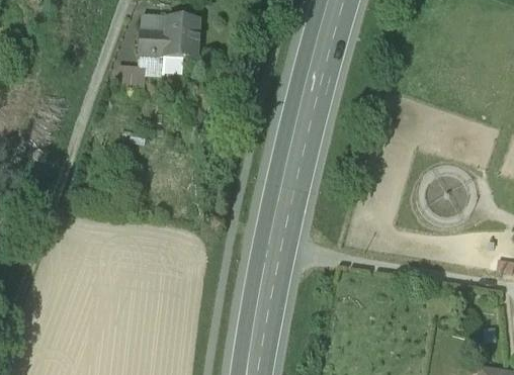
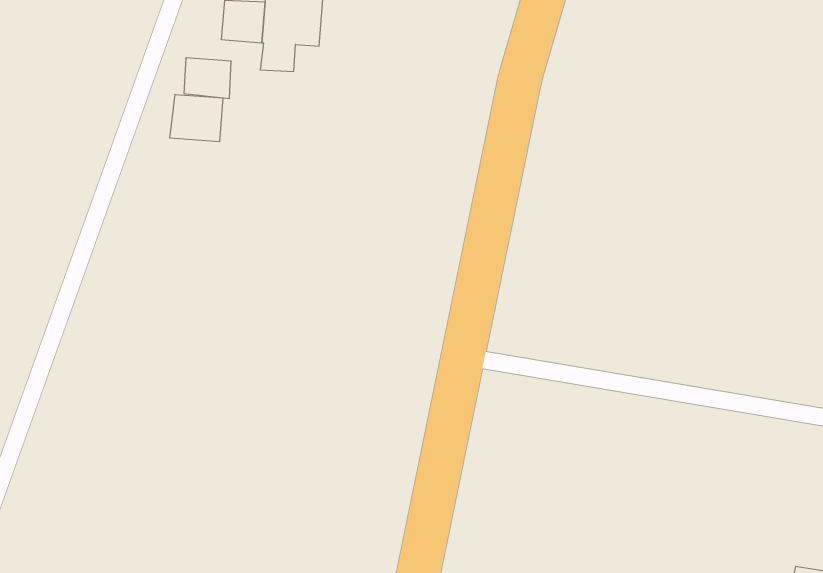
building: none -> [170,94,223,142]

